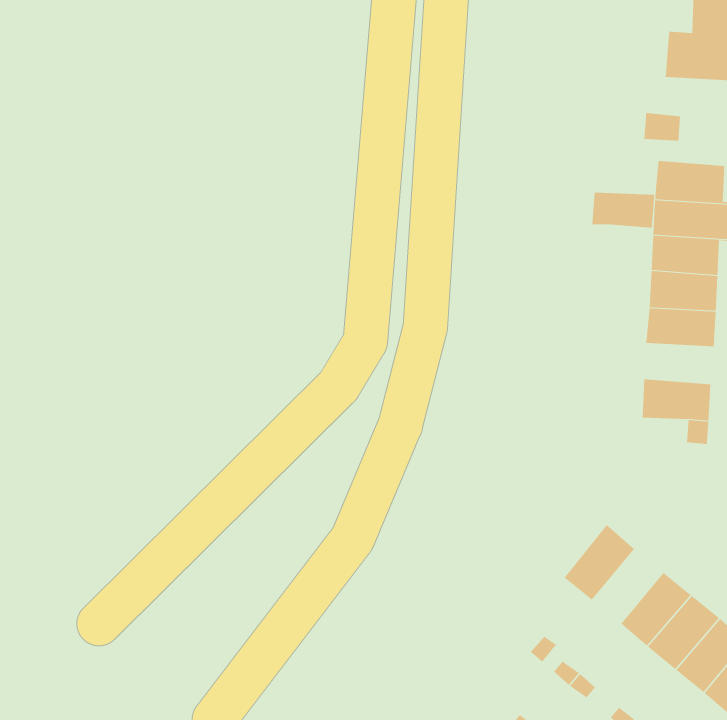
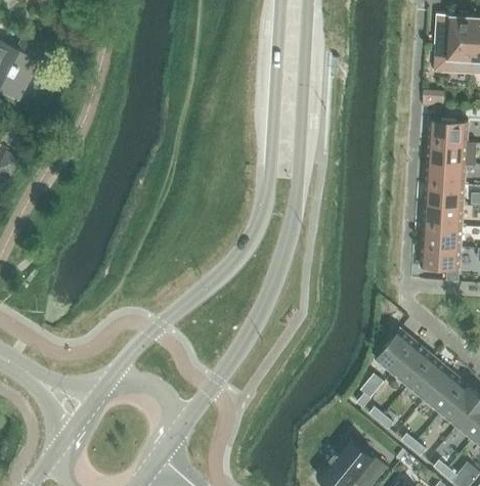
building: [592,192,655,228] -> none
building: none -> [421,224,462,248]
building: none -> [391,343,432,386]

